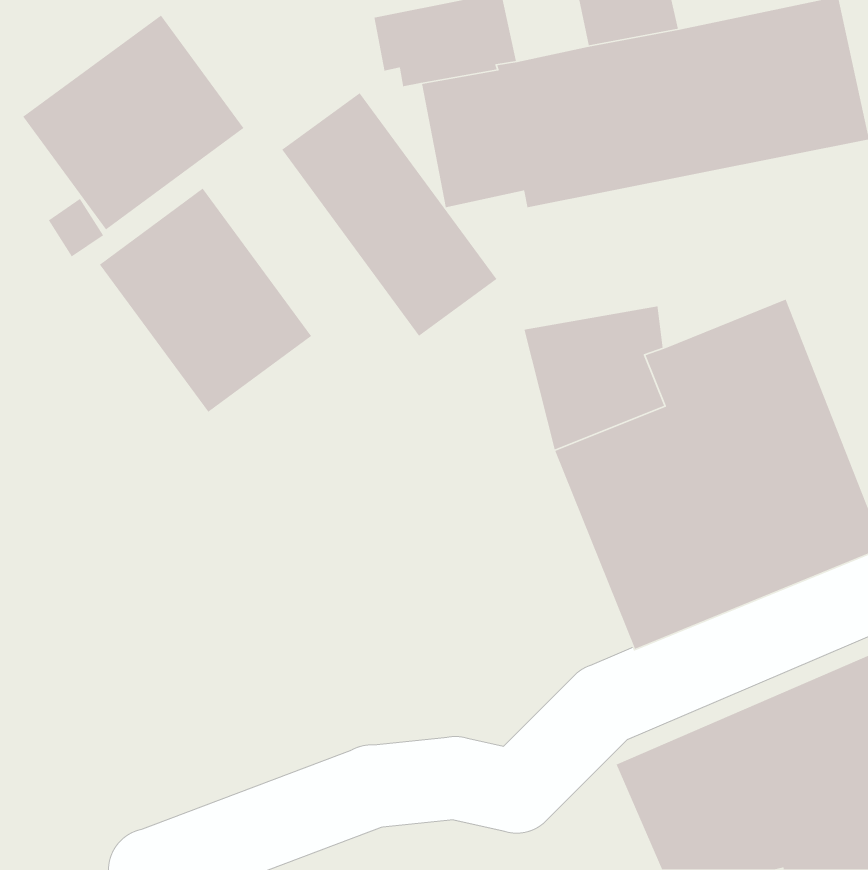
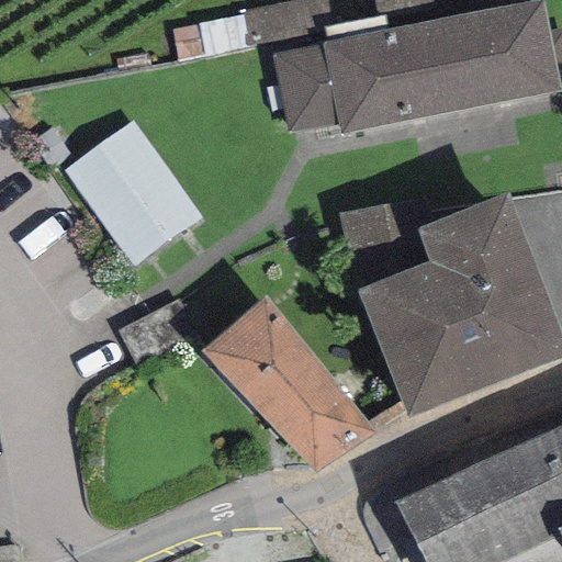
building: [22,14,245,230] -> none
building: [281,92,497,337] -> none
building: none -> [202,296,378,473]

